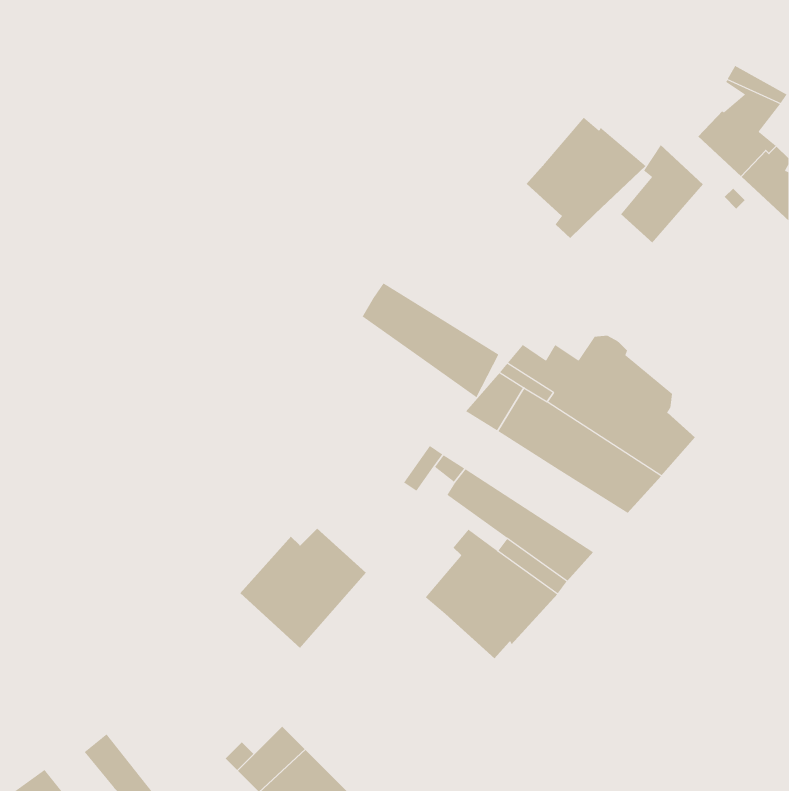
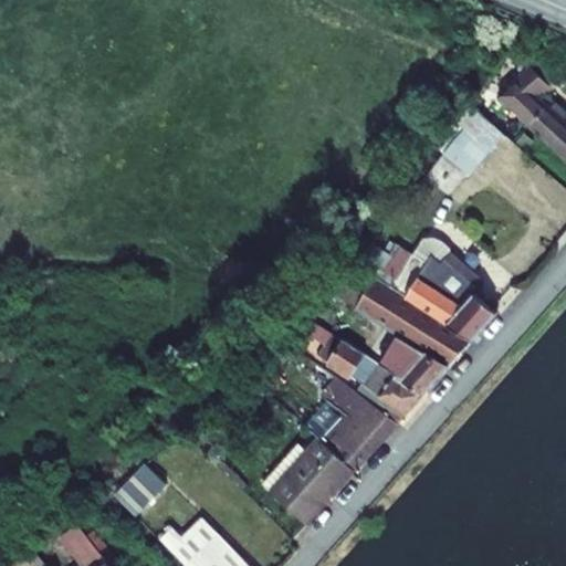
building: [526,117,646,239] -> none
building: [362,282,499,398] -> none
building: none -> [379,336,448,395]
building: [240,528,367,649] -> [262,439,353,525]
building: none -> [115,464,165,515]

